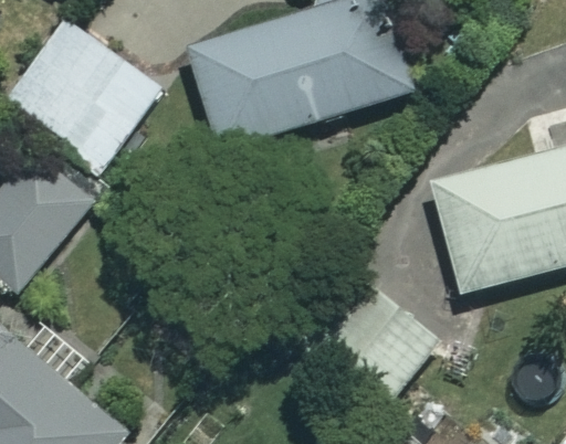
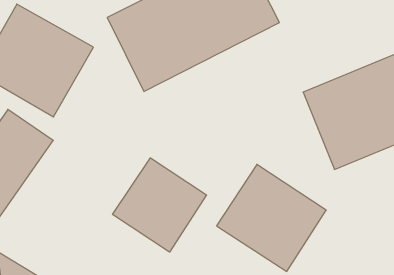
building: none -> [113,158,207,252]

